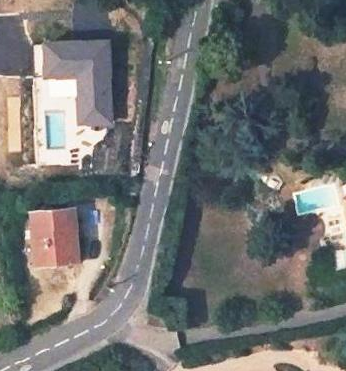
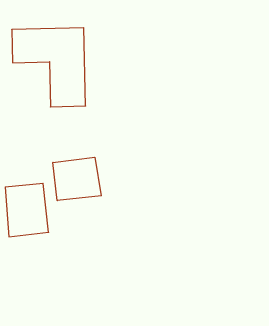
building: none -> [53,157,101,201]

